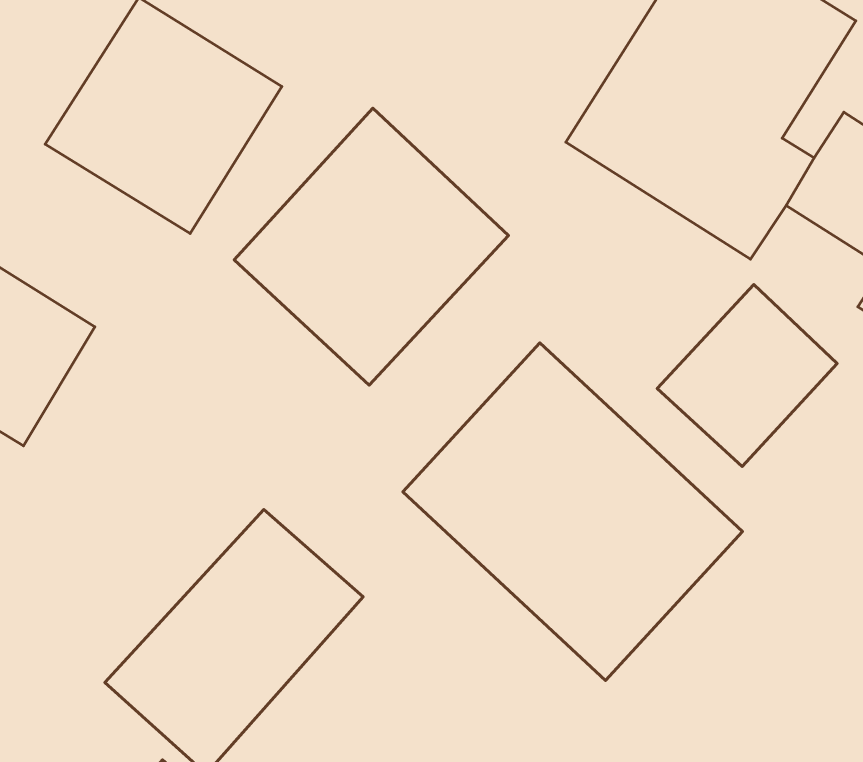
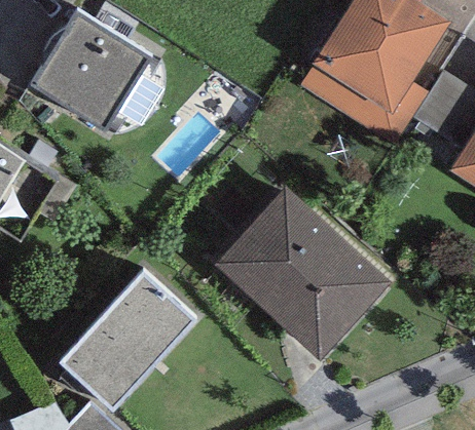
building: [234,108,508,385] -> none
building: [657,285,837,467] -> none

